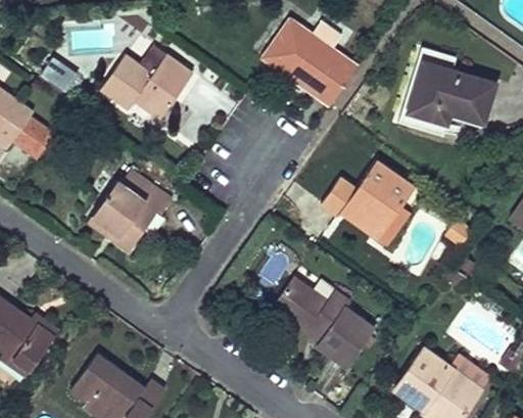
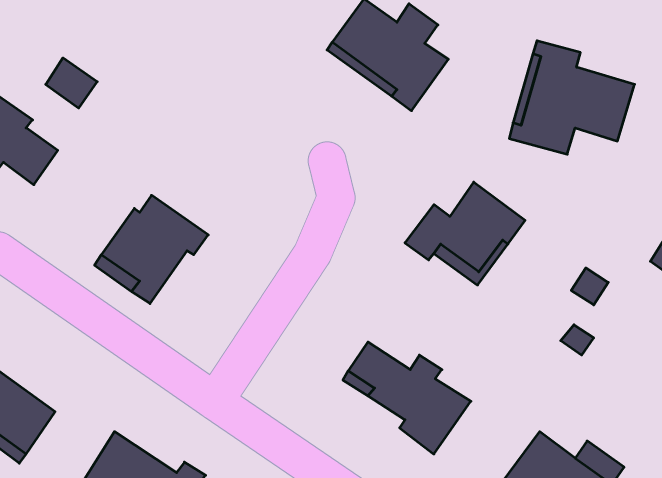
building: [96,53,190,122] -> none

